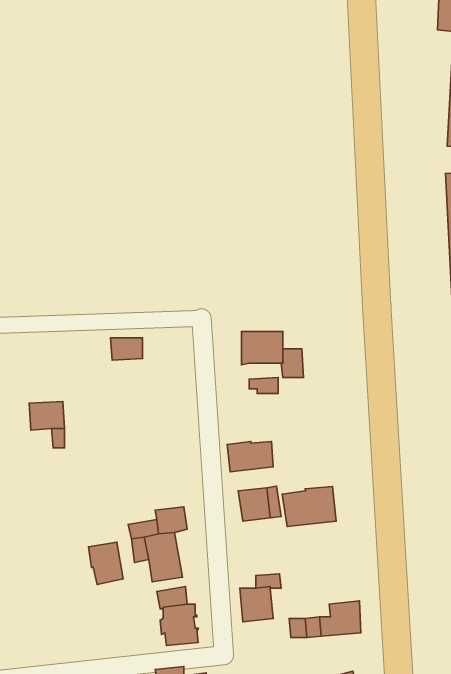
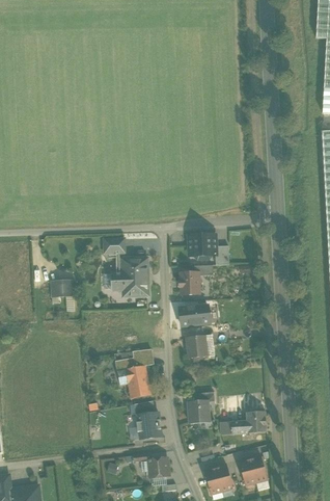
building: none -> [112,258,148,295]
building: none -> [180,271,200,294]
building: [282,486,336,527] -> none
building: [88,542,123,585] -> none

